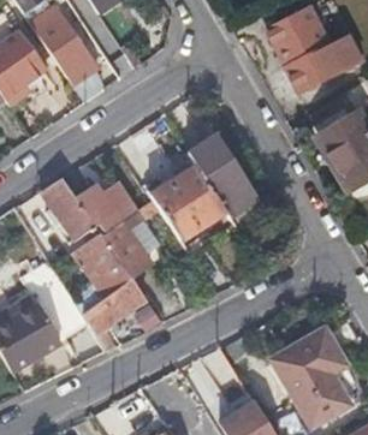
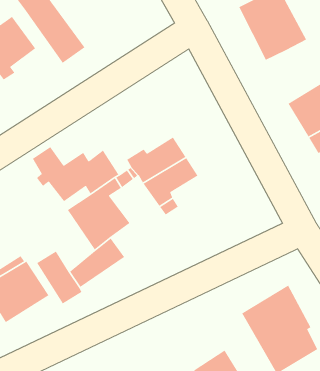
building: [189,137,257,225] -> none

